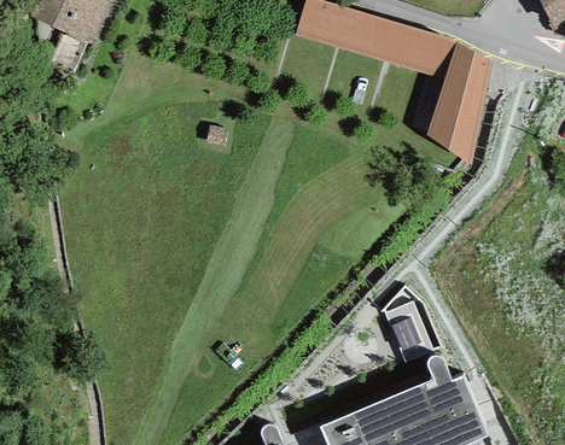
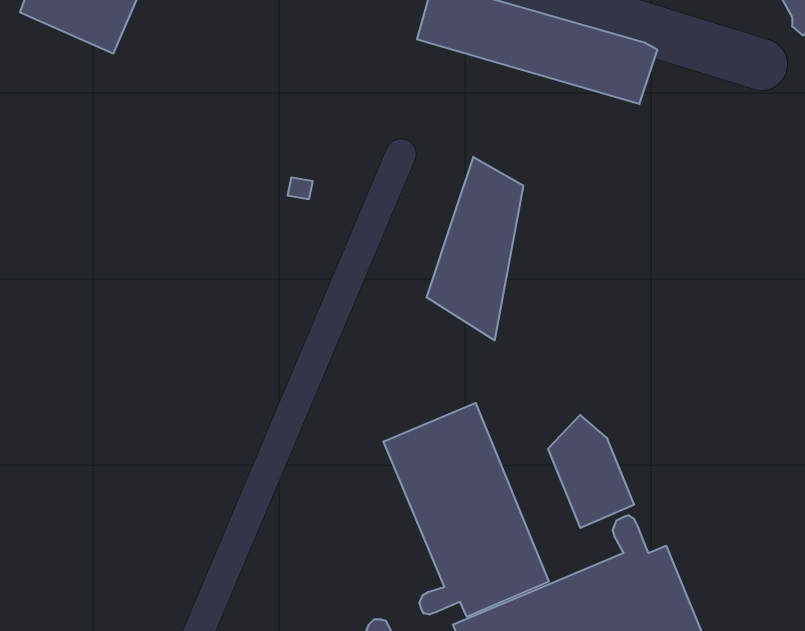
building: [426,41,491,164] -> [426,157,523,340]
building: none -> [383,403,549,617]

